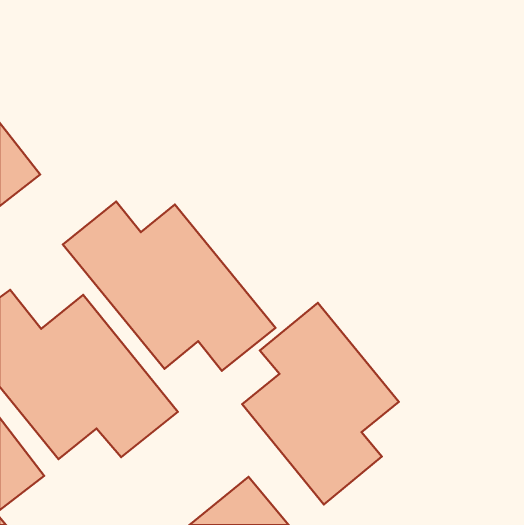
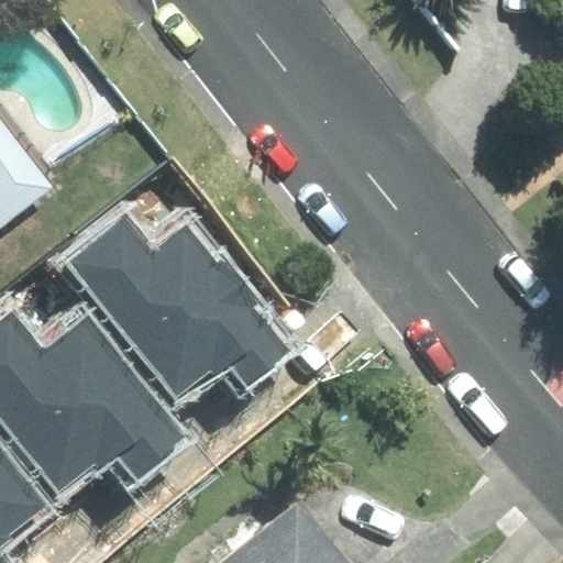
building: [242,303,399,504] -> none

